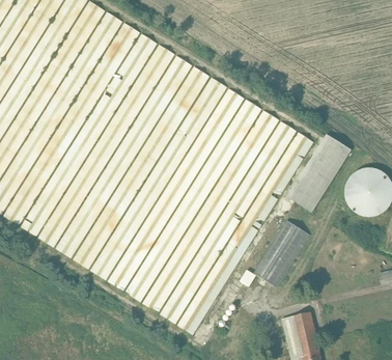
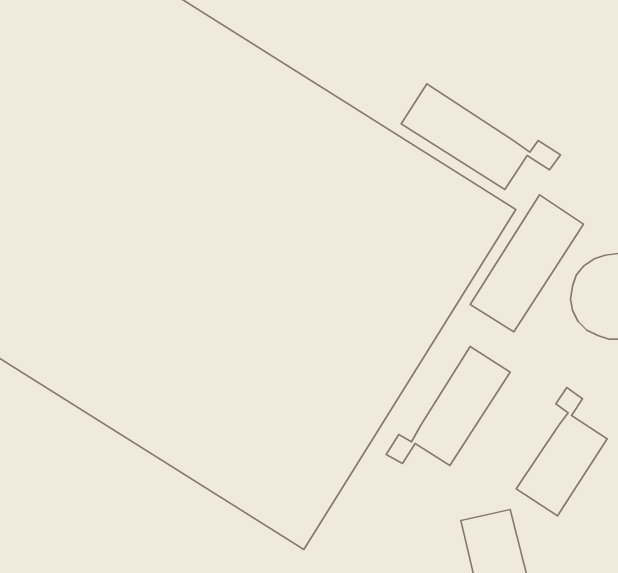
building: none -> [401,84,561,190]
building: none -> [516,387,607,516]

